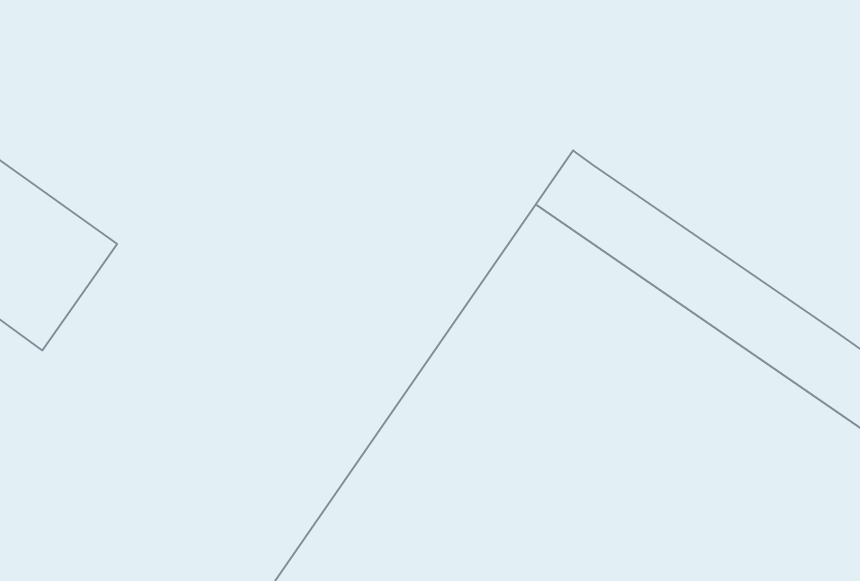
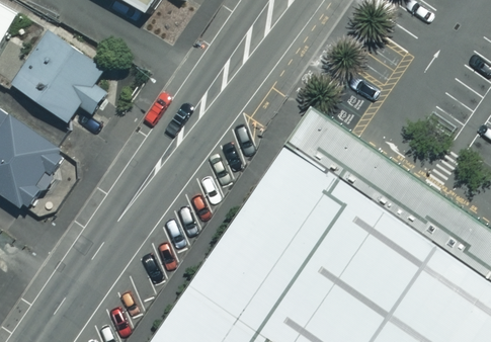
building: none -> [11,34,116,125]

